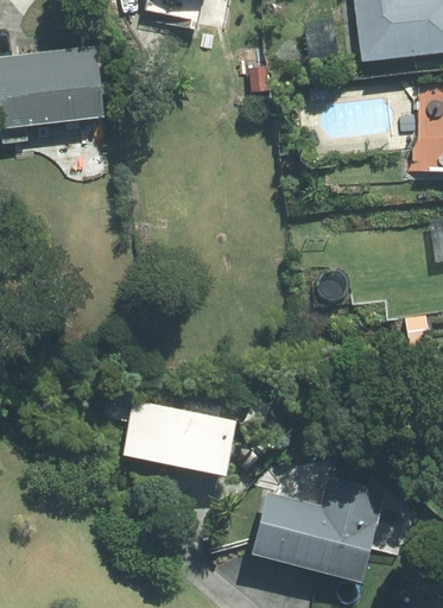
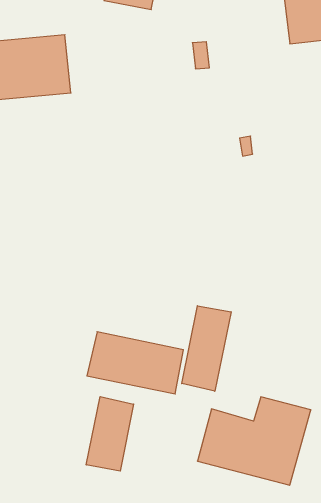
building: none -> [182,306,231,391]
building: none -> [86,397,134,471]

